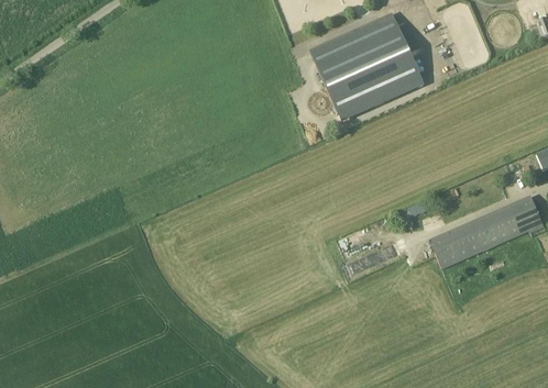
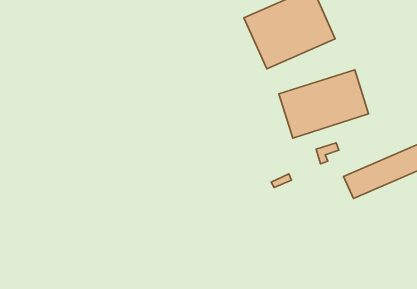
building: none -> [279,70,369,138]

